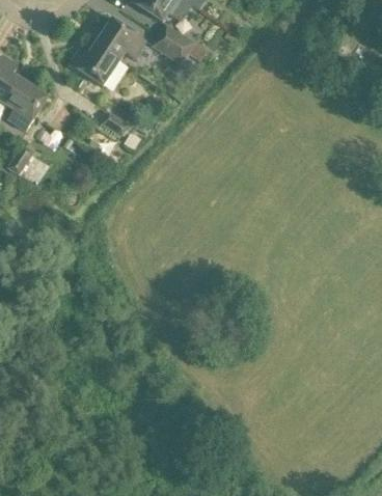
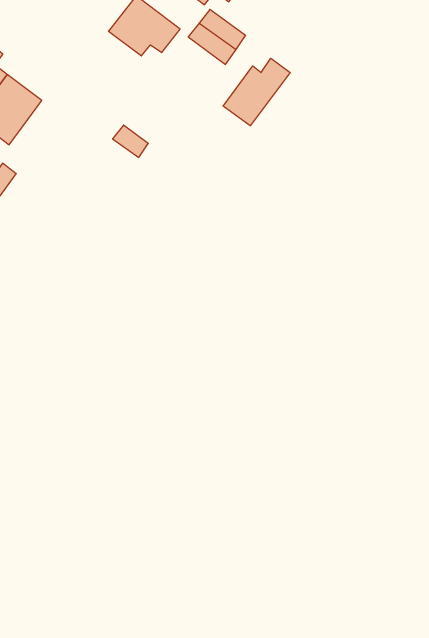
building: [71,44,119,85] -> none
building: none -> [223,58,290,126]

